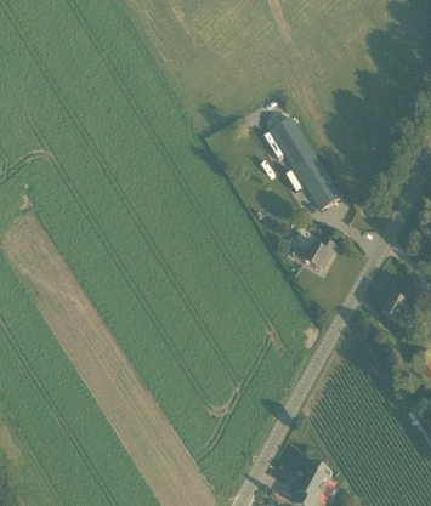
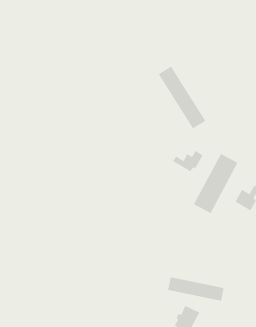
building: none -> [193,153,238,214]
building: none -> [168,276,224,302]

